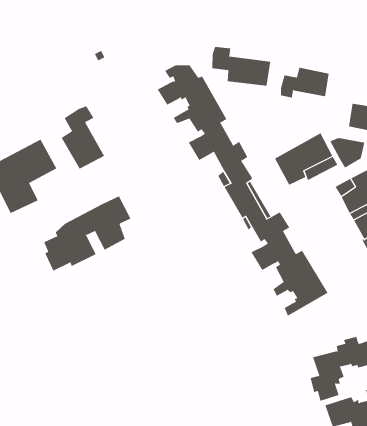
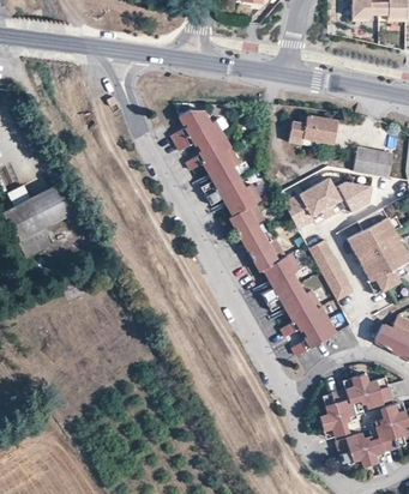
building: [212,46,271,87] -> none
building: [61,105,105,169] -> none
building: [43,195,131,272] -> none
building: none -> [309,240,354,301]

